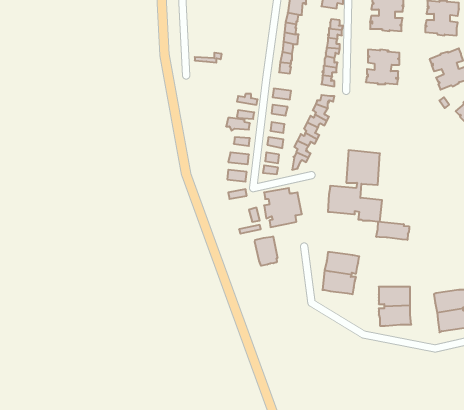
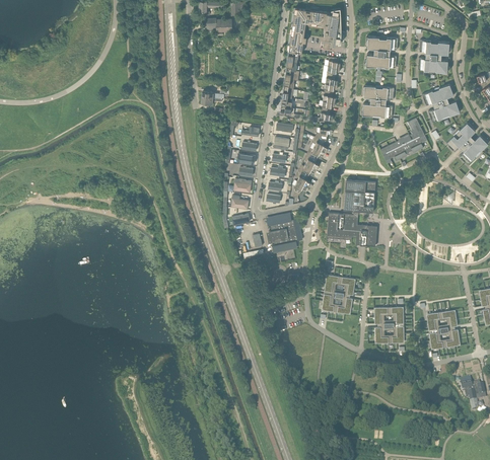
building: none -> [380,118,427,163]
building: [376,222,409,240] -> none
building: [255,236,277,266] -> none

